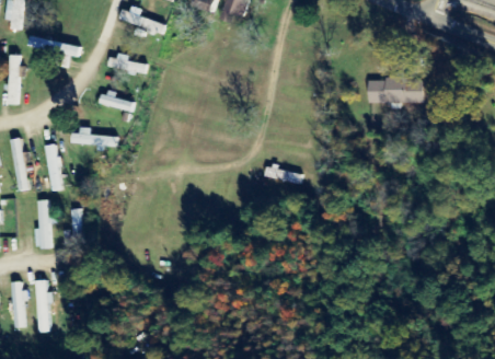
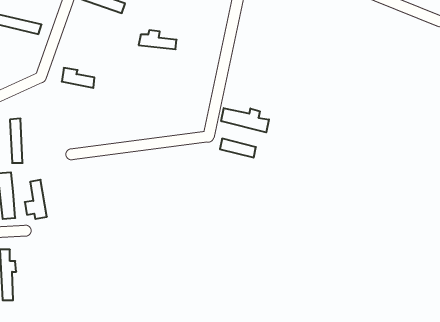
building: [108,54,148,73] -> [139,30,177,49]
building: [368,79,424,104] -> none
building: [72,130,118,150] -> none
building: none -> [221,108,269,132]

